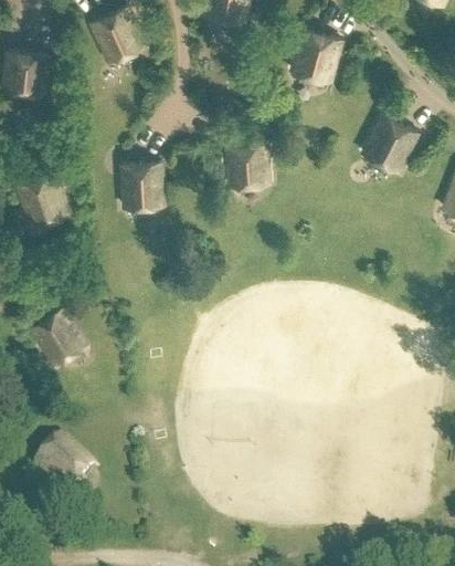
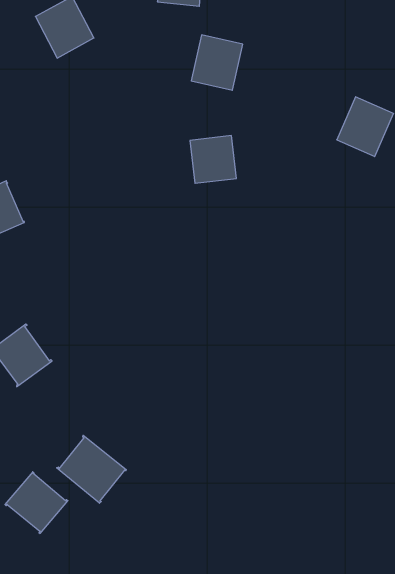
building: [292,31,341,84] -> [191,35,243,90]
building: [121,164,163,210] -> none
building: none -> [57,435,126,503]

